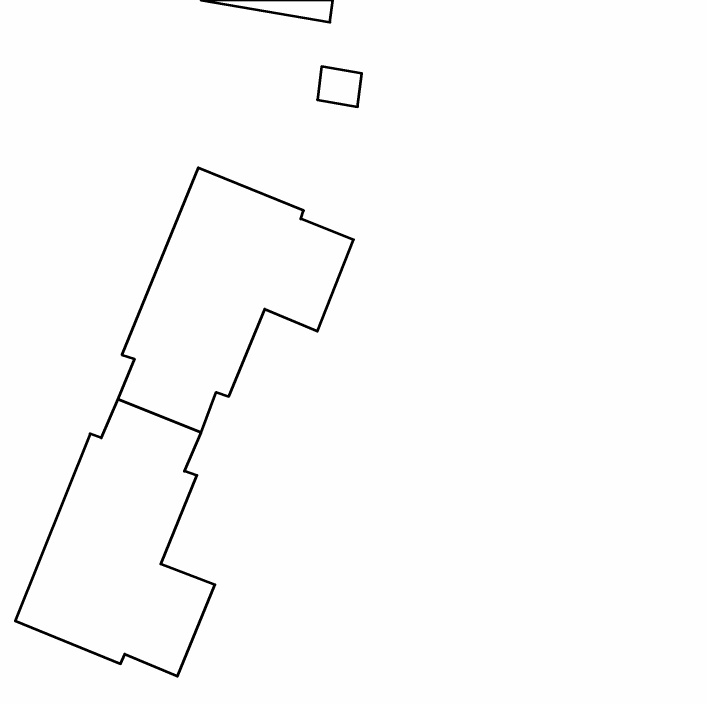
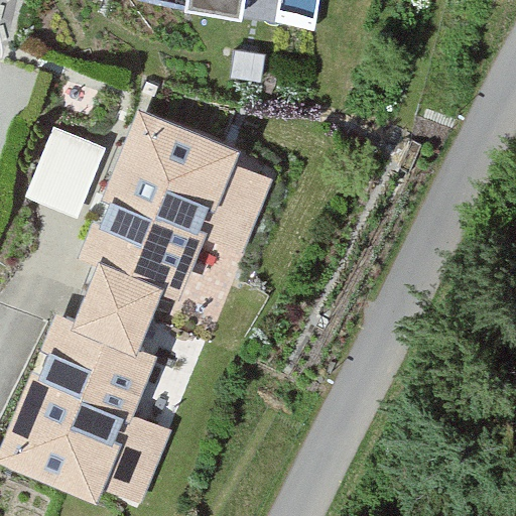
building: none -> [32,123,107,213]

